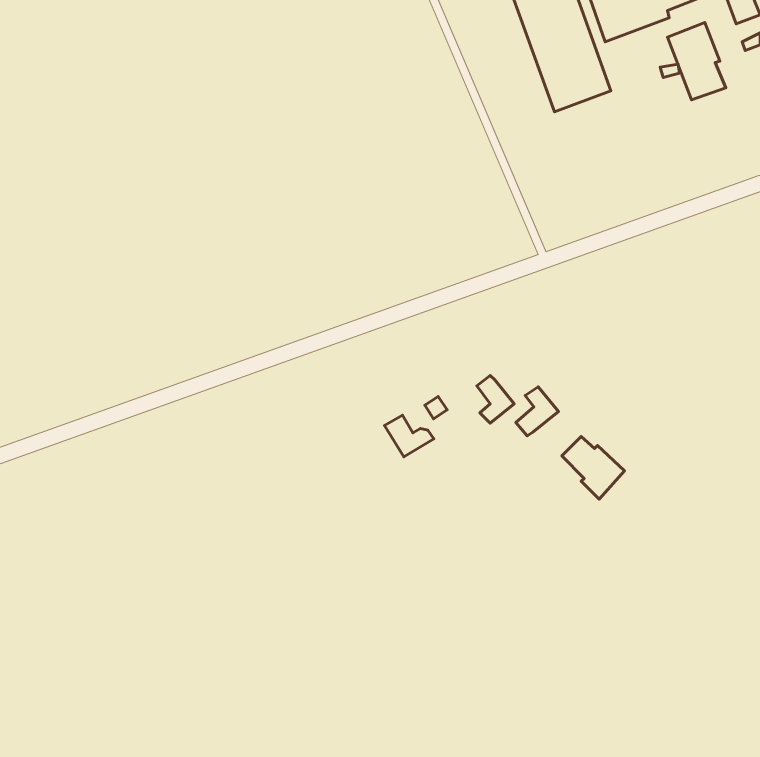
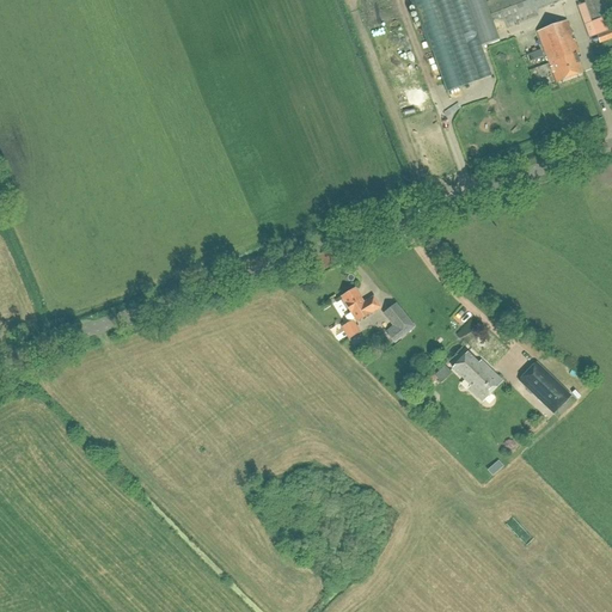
building: [516,387,558,436] -> none
building: [385,415,434,457] -> [339,286,379,319]
building: none -> [518,359,570,410]

